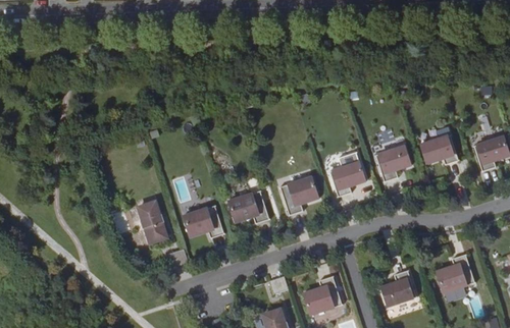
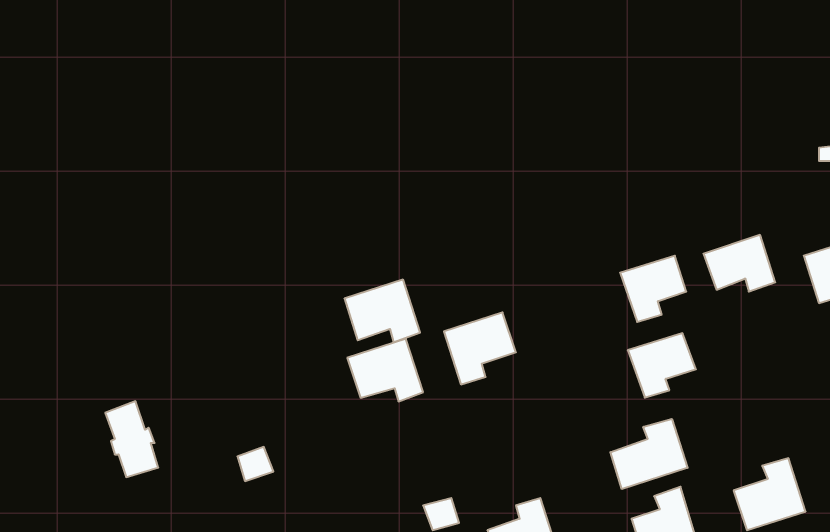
building: [328,161,365,196] -> [628,333,696,398]
building: [138,201,166,241] -> [105,401,158,477]
building: [183,204,223,237] -> [344,280,420,342]
building: none -> [610,419,688,489]

